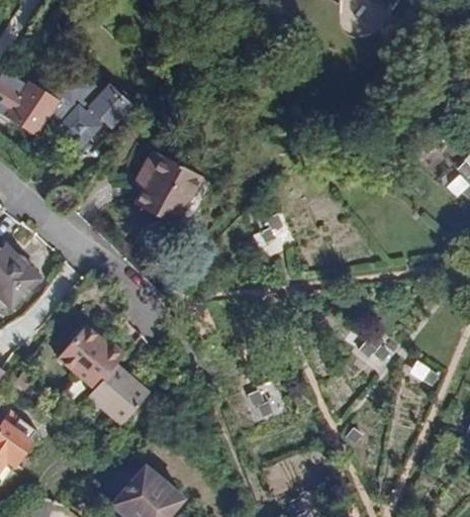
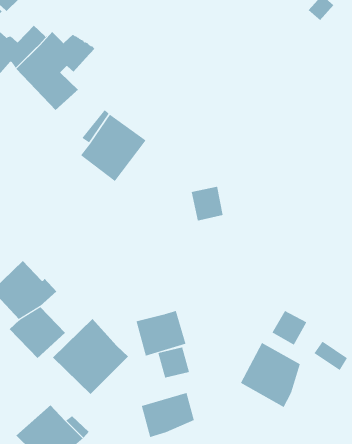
building: none -> [136,310,186,356]
building: none -> [240,342,300,408]
building: none -> [52,318,129,395]
building: none -> [141,392,195,438]

